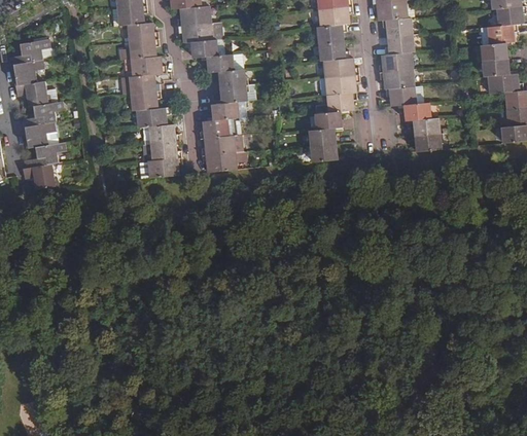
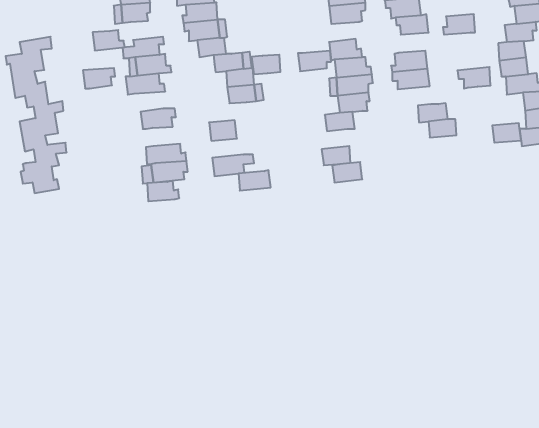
building: [127,22,157,41] -> [93,30,125,50]
building: [315,24,347,43] -> [298,51,331,71]
building: [383,34,414,53] -> [443,14,475,35]
building: [383,85,415,106] -> [457,67,491,89]
building: [130,90,161,110] -> [83,68,115,88]
building: [211,101,239,119] -> [252,55,280,74]
building: [147,123,178,143] -> [147,181,179,201]
building: [308,126,337,146] -> [332,162,362,182]
building: [414,133,442,151] -> [492,123,521,143]
building: [204,135,235,154] -> [239,170,271,191]

